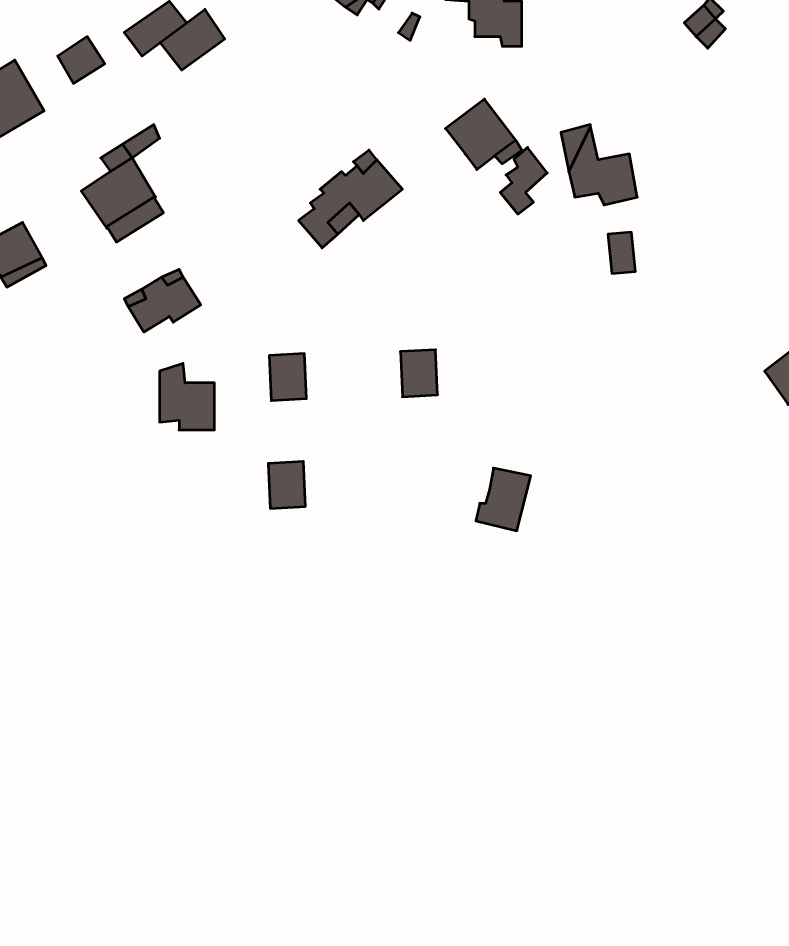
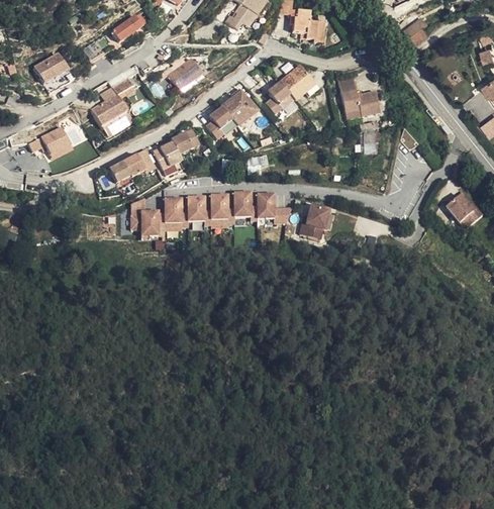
building: [160,9,225,70] -> [170,59,203,90]
building: [500,147,547,214] -> [265,79,289,113]
building: none -> [152,127,199,169]
building: none -> [233,192,253,216]
building: none -> [211,194,230,218]
building: [268,461,305,508] -> [165,198,184,222]
building: [476,468,531,531] -> [301,206,329,238]

